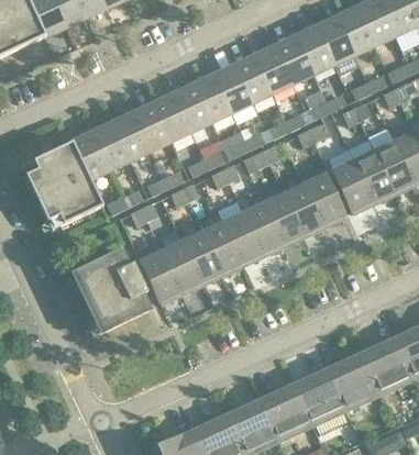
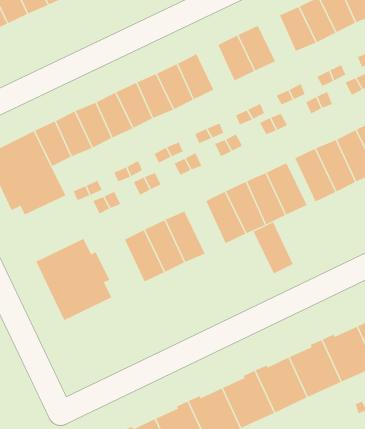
building: [296,26,333,73] -> none
building: [234,56,272,101] -> none
building: [222,212,263,265] -> [253,221,293,274]
building: [141,251,181,303] -> none

